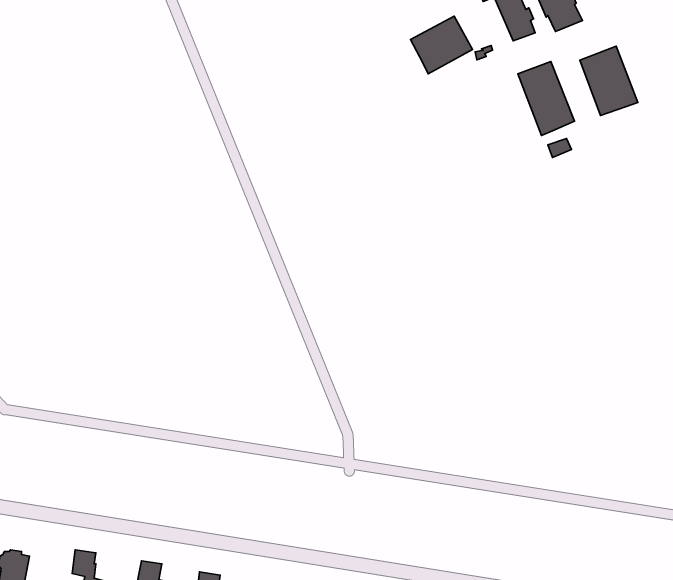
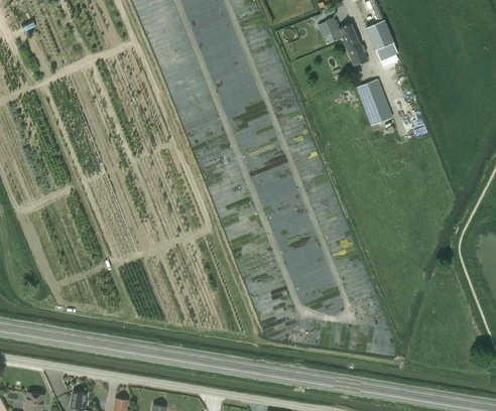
building: [411,16,472,74] -> none
building: [580,46,638,116] -> none

